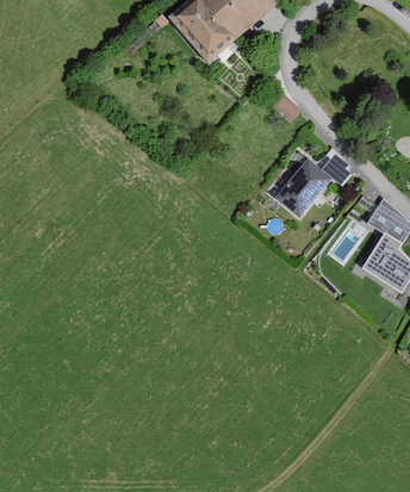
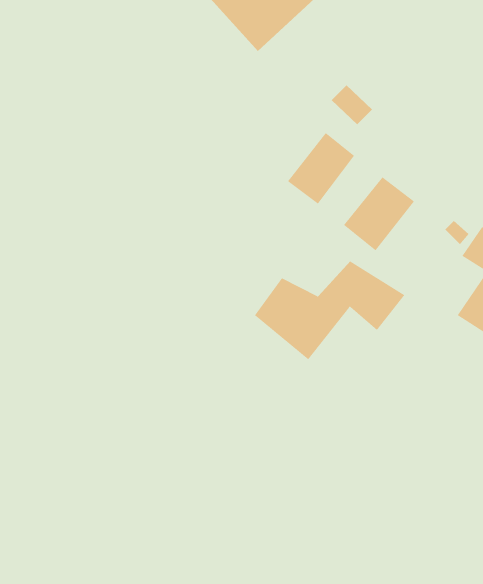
building: none -> [287,132,355,204]
building: none -> [254,260,405,360]

